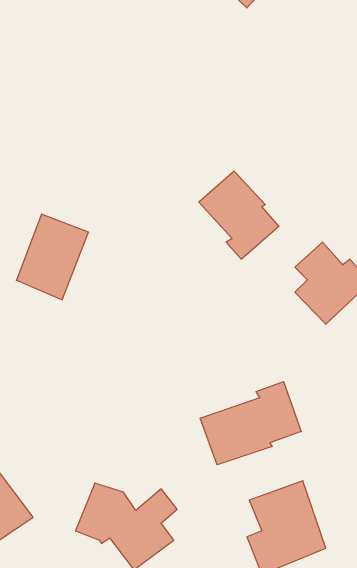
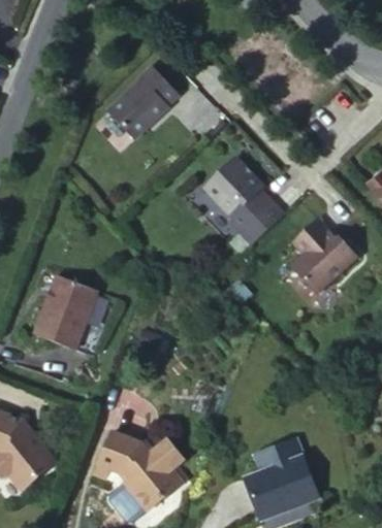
building: none -> [113,62,183,135]
building: [16,214,89,300] -> [33,272,98,350]
building: [200,382,301,465] -> none

